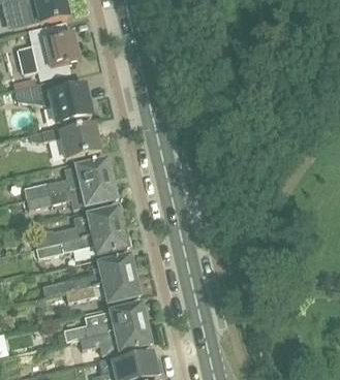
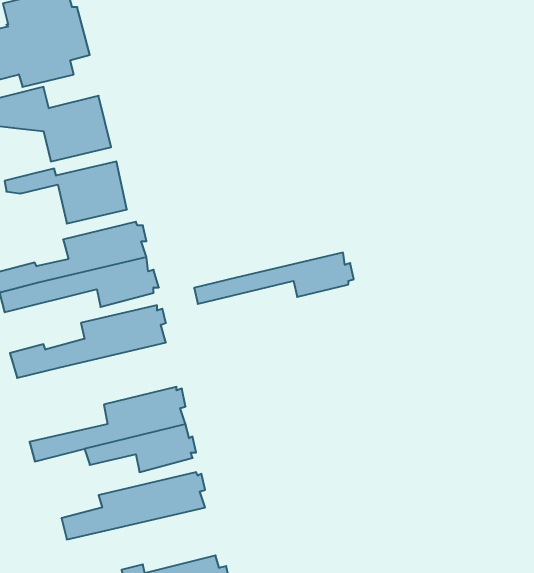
building: [36,228,129,258] -> [194,253,354,304]
building: [88,324,153,351] -> none

